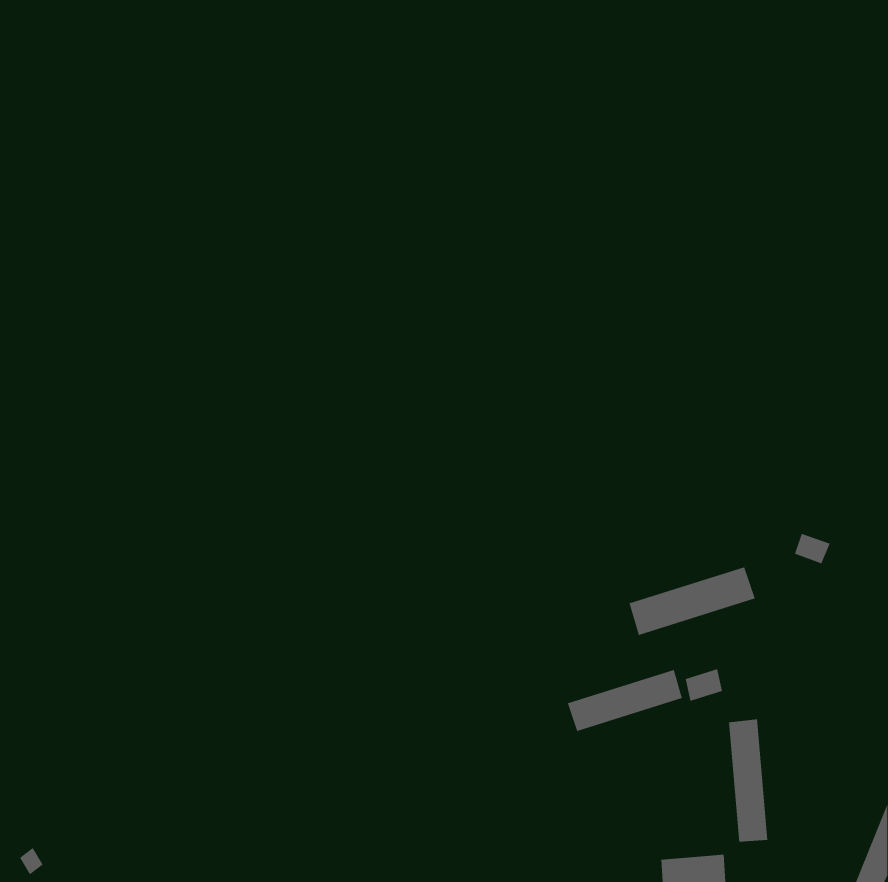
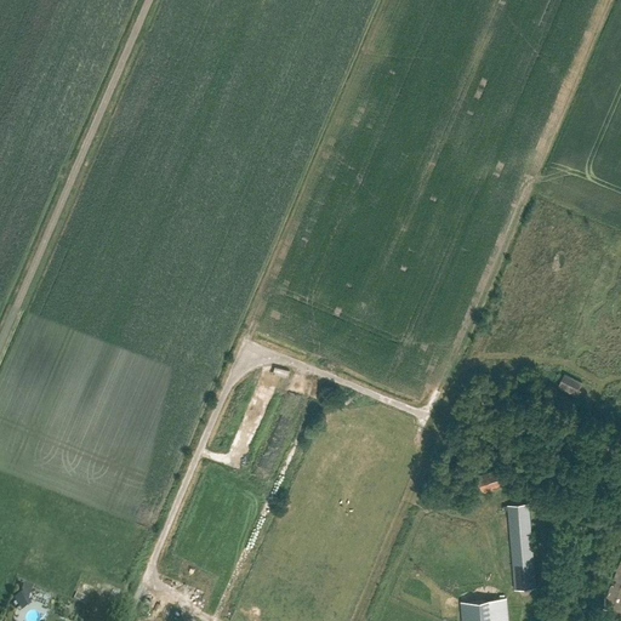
building: [629,567,755,636] -> none
building: [567,669,683,732] -> none

